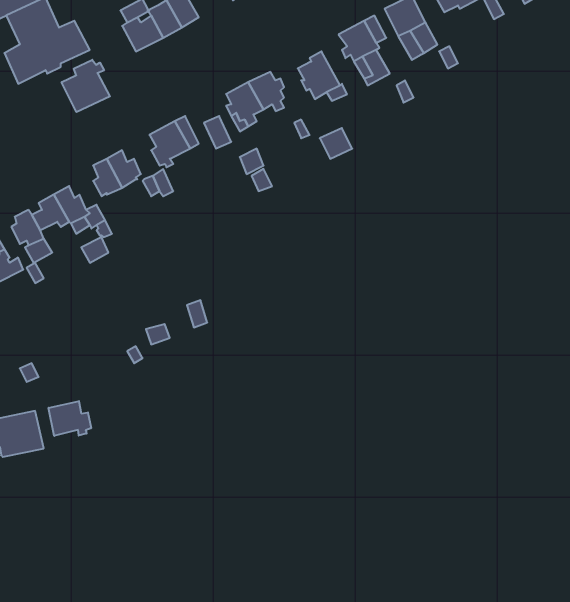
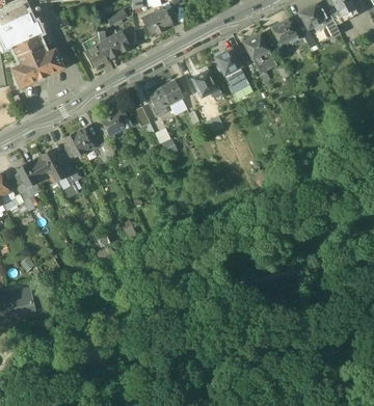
building: [62,60,110,112] -> none
building: [49,401,91,436] -> none

